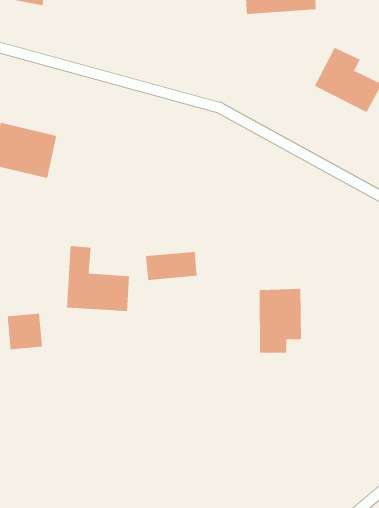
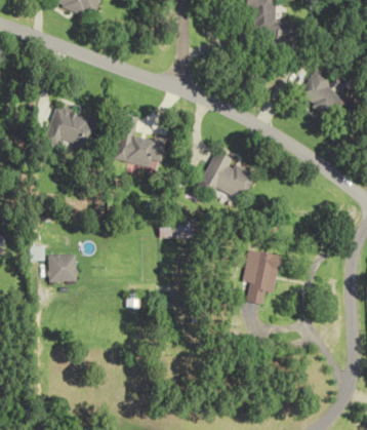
building: none -> [198,149,254,200]
building: [66,245,130,312] -> [115,112,166,167]

